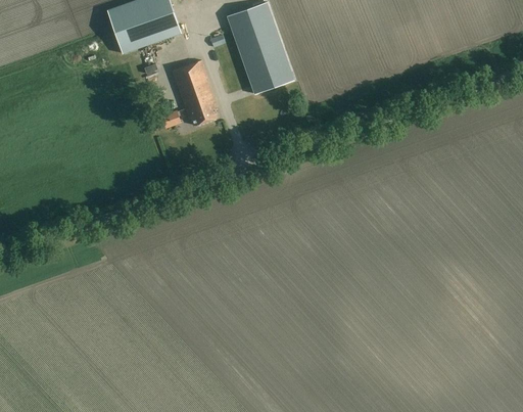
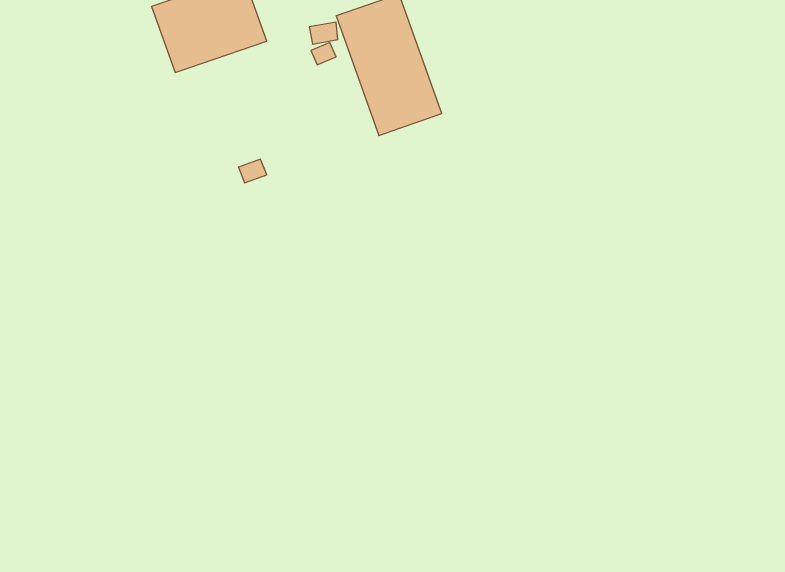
building: [173,60,219,126] -> none

